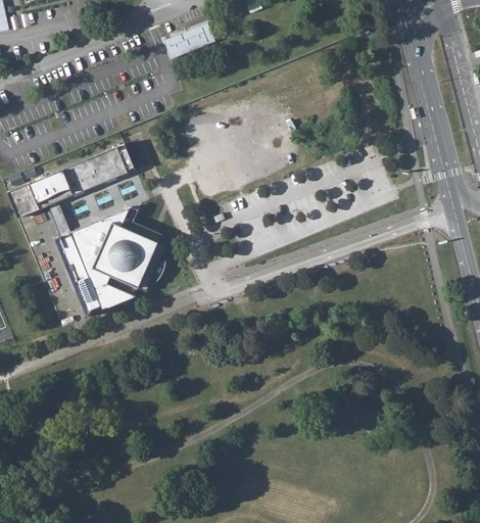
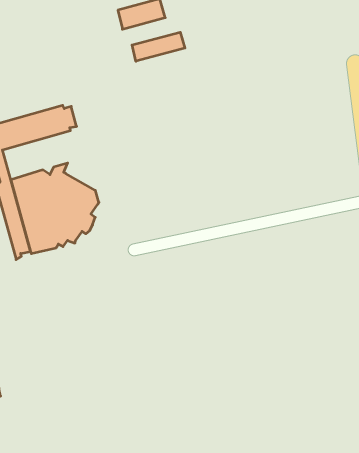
building: none -> [132,32,185,61]

